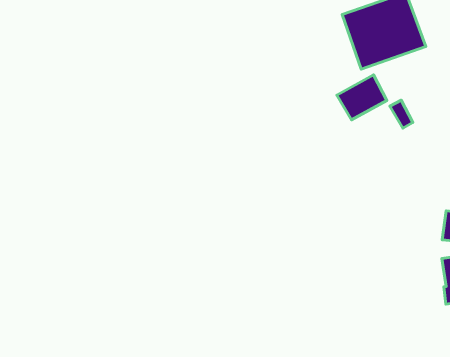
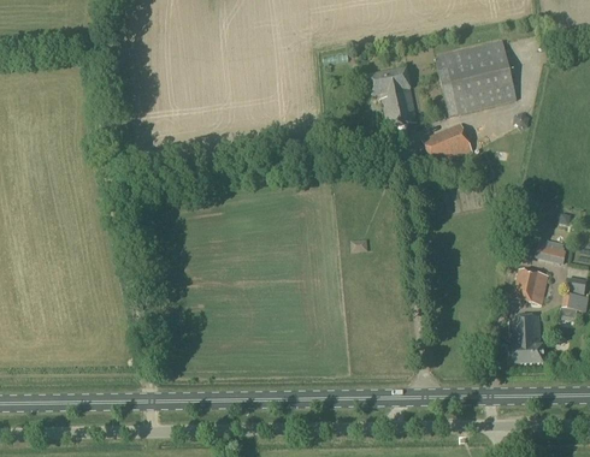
building: none -> [368,67,417,127]

